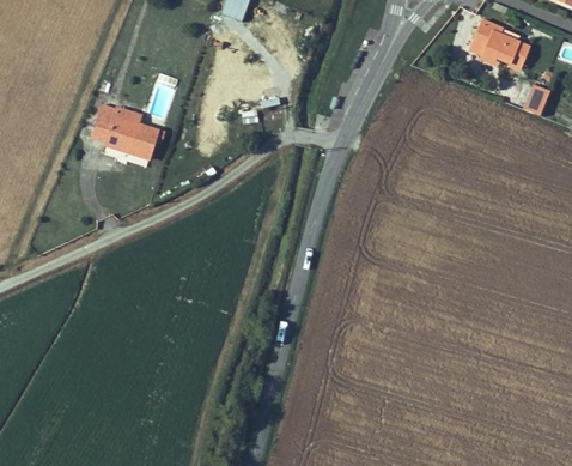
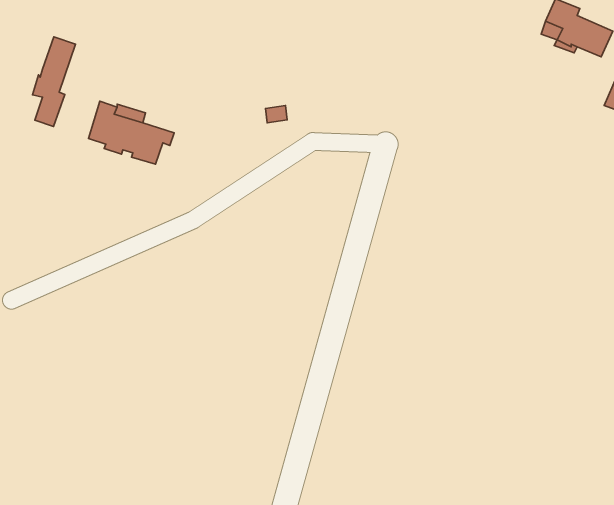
building: none -> [33,37,75,127]

